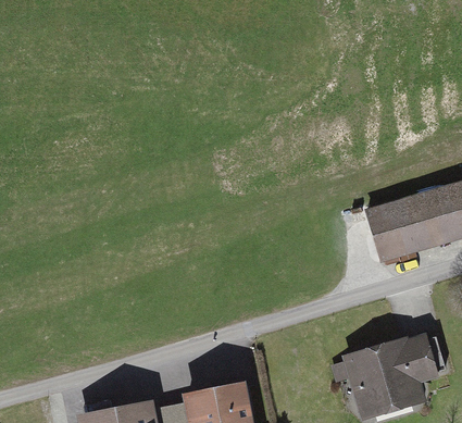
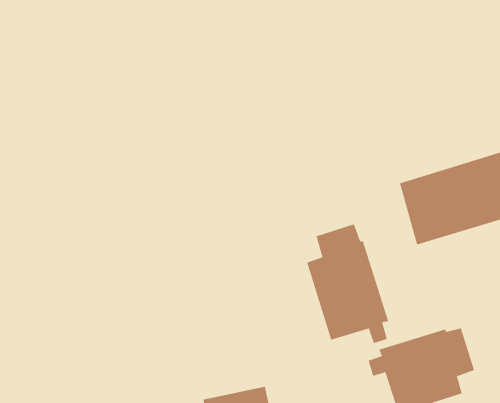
building: none -> [307,224,389,344]

